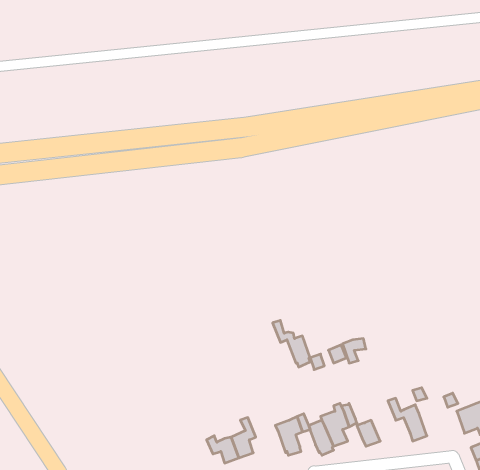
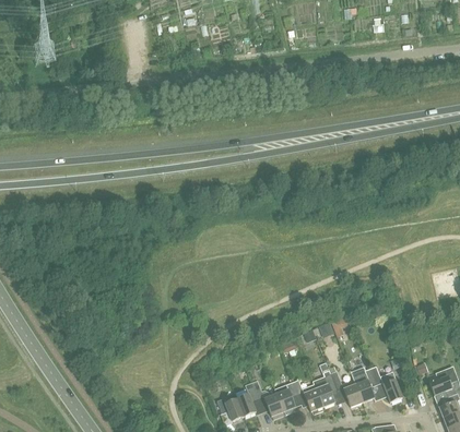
building: [273,320,310,367] -> [251,381,283,420]
building: none -> [351,368,376,405]

